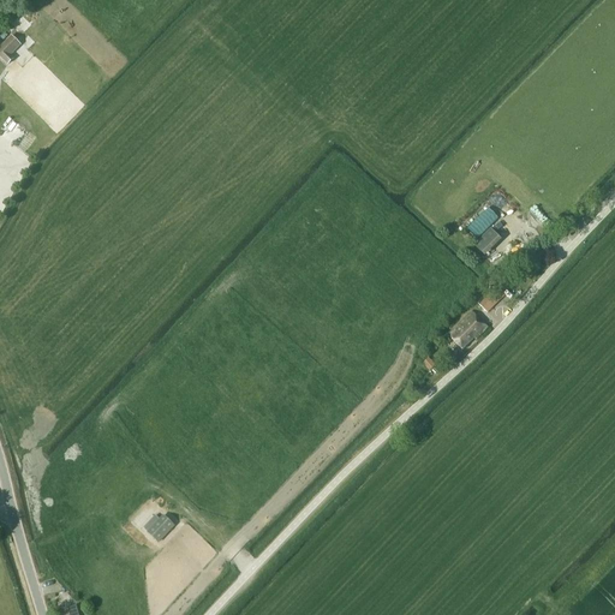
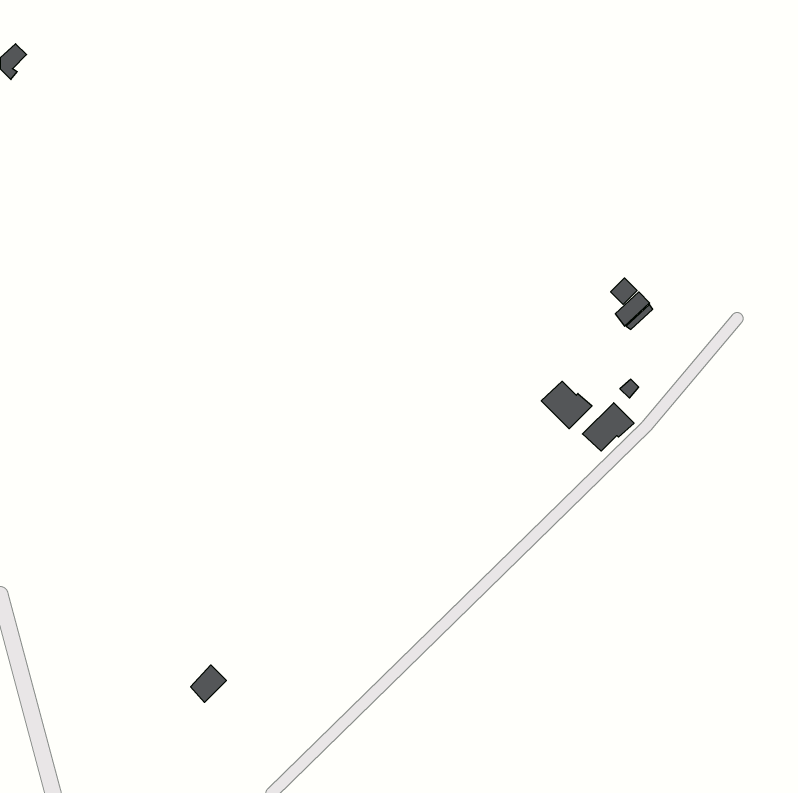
building: none -> [541,381,592,429]

